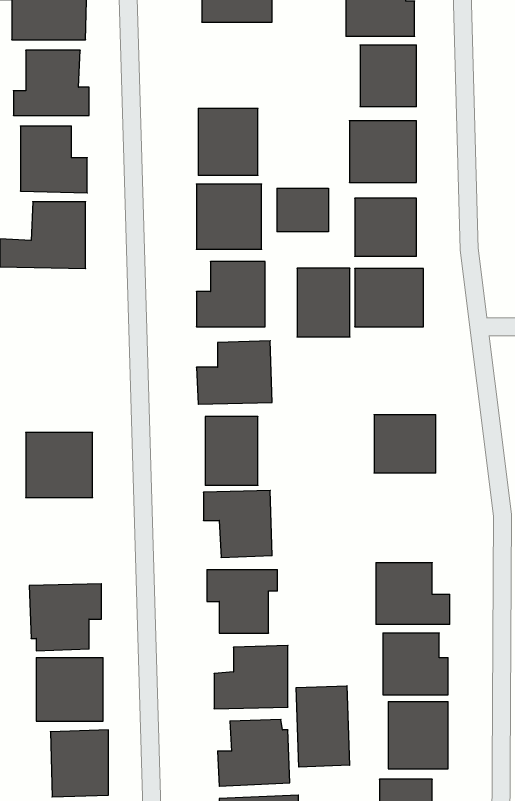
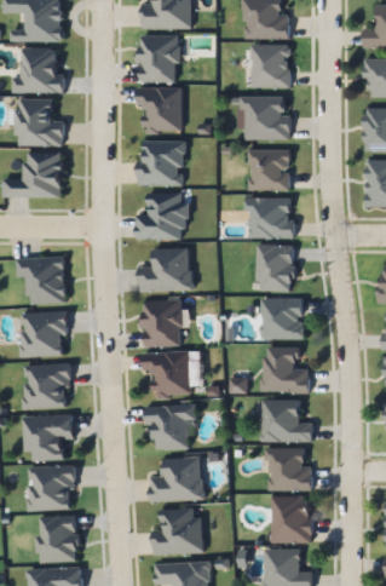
building: none -> [142,36,178,82]
building: [277,188,328,232] -> none
building: [297,268,350,337] -> [258,245,294,292]
building: none -> [17,257,67,303]
building: none -> [263,346,310,393]
building: none -> [24,364,70,409]
building: [296,686,350,767] -> none

